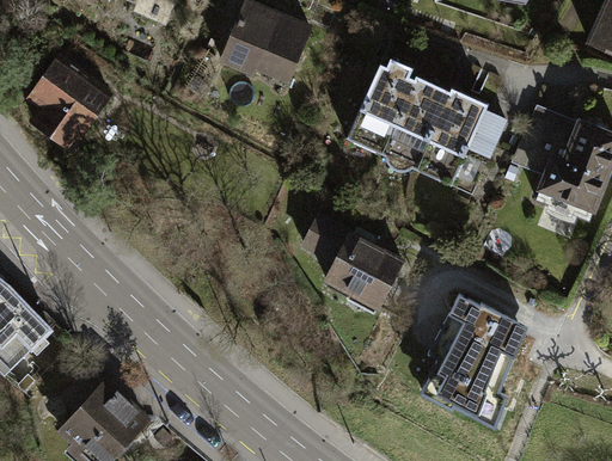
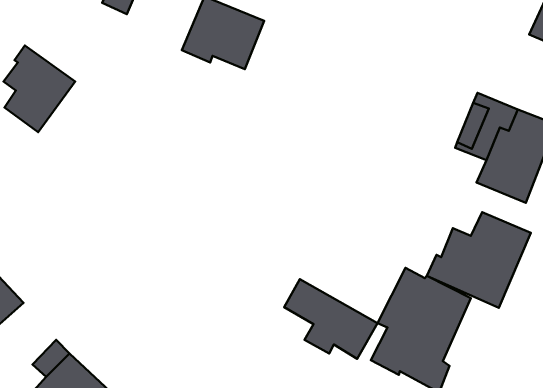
building: [347,61,506,195] -> none
building: [302,216,402,301] -> [284,279,378,359]
building: none -> [427,212,531,308]

